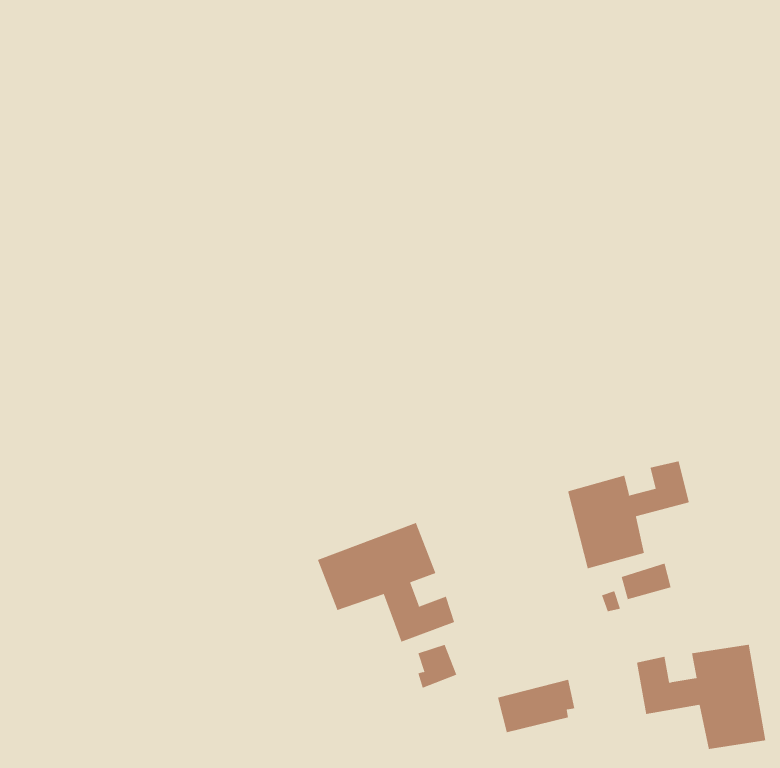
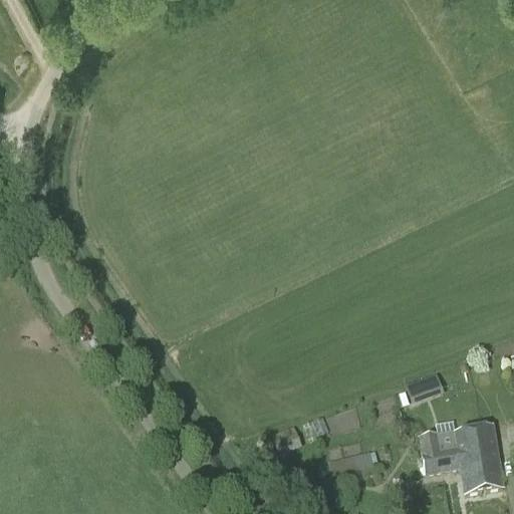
building: [567,460,690,569] -> none
building: [317,522,455,642] -> none

